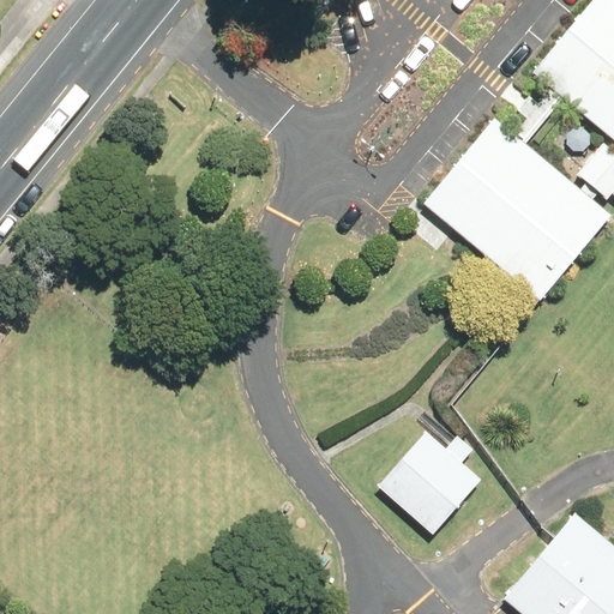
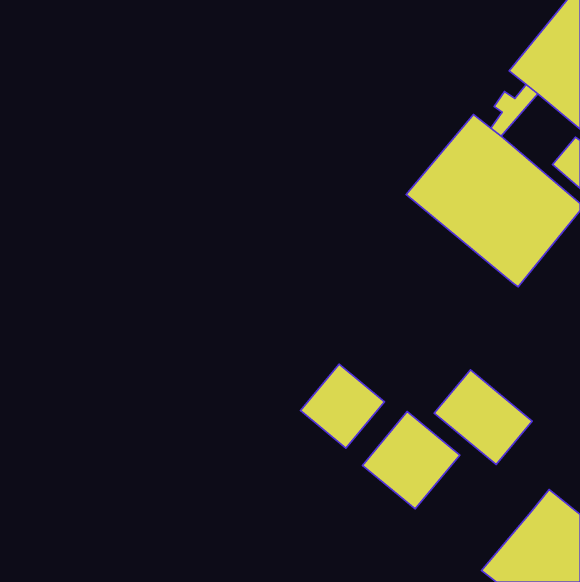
building: none -> [301,364,384,448]
building: none -> [434,370,532,465]

